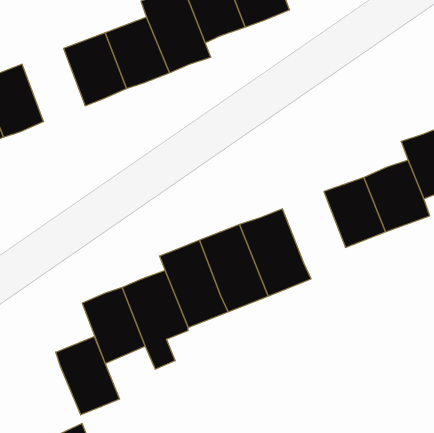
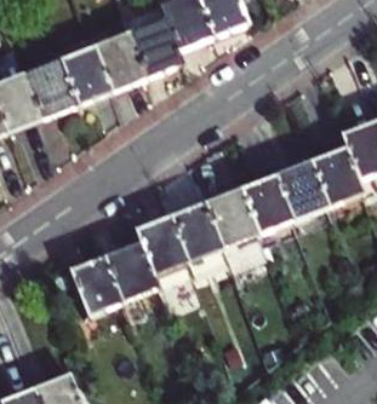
building: none -> [23,56,76,117]
building: none -> [244,177,297,237]
building: [56,336,119,415] -> none

